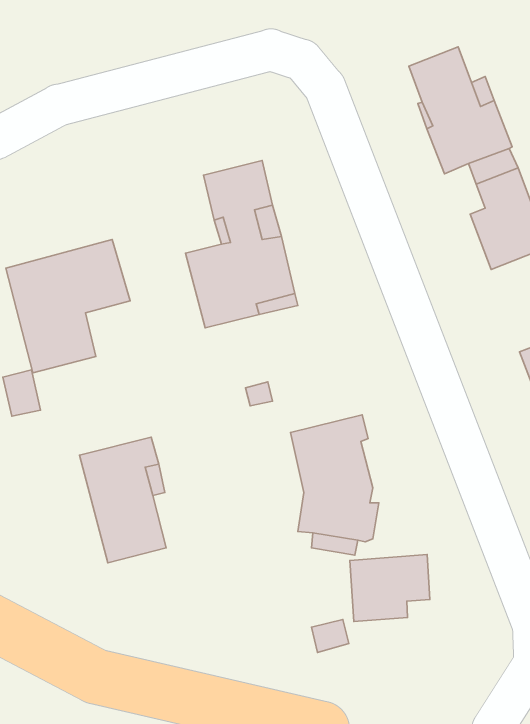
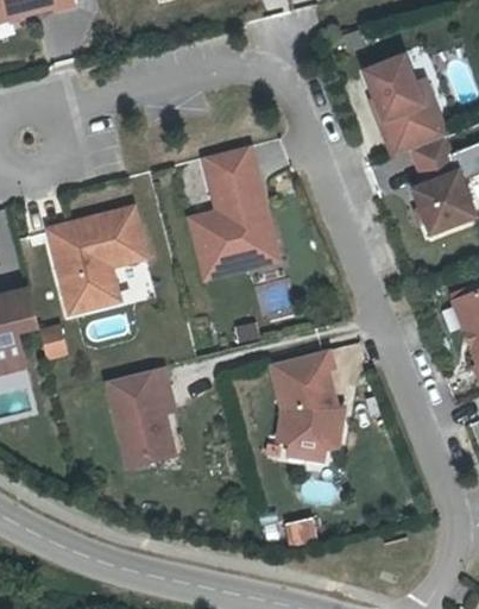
building: [350,555,430,622] -> none

